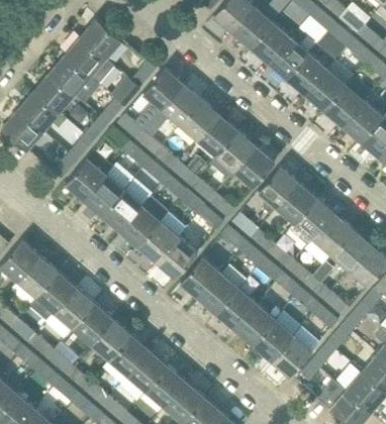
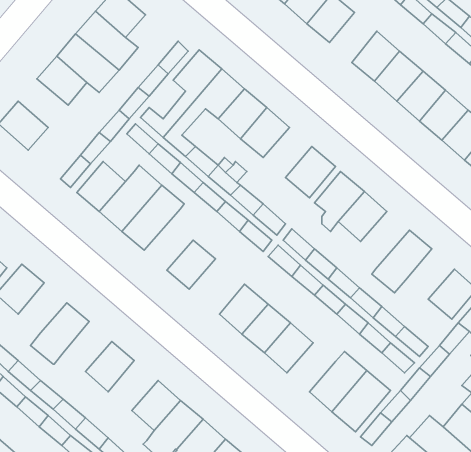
building: [270,38,308,79] -> none
building: [18,92,59,131] -> none
building: [210,131,256,179] -> none
building: [120,197,168,246] -> none
building: [289,199,334,245] -> none
building: [331,229,371,270] -> none
building: [157,237,197,278] -> none
building: [18,256,58,297] -> none
building: [47,288,94,337] -> none
building: [235,305,275,344] -> none
building: [91,319,131,359] -> none

